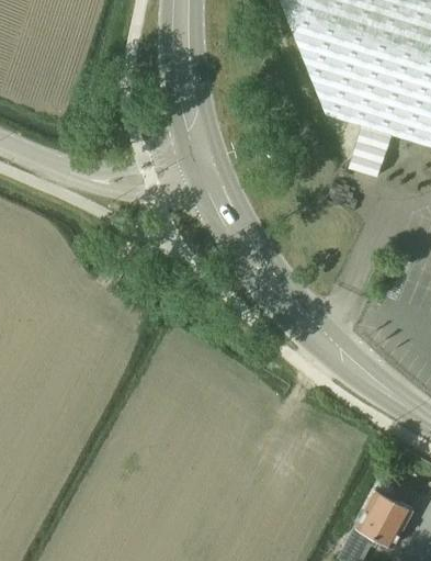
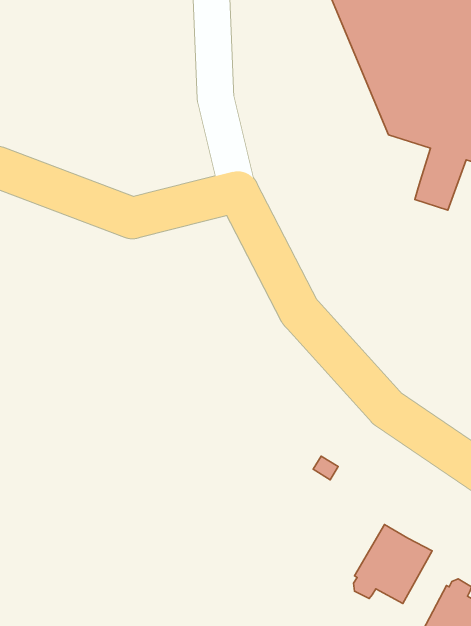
building: none -> [354,524,432,603]

